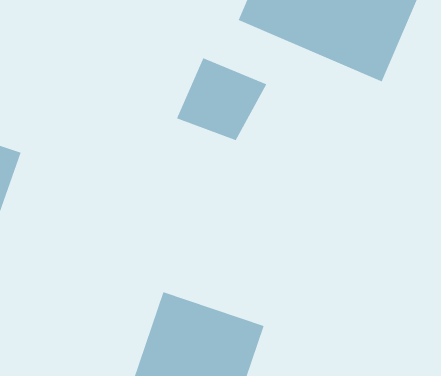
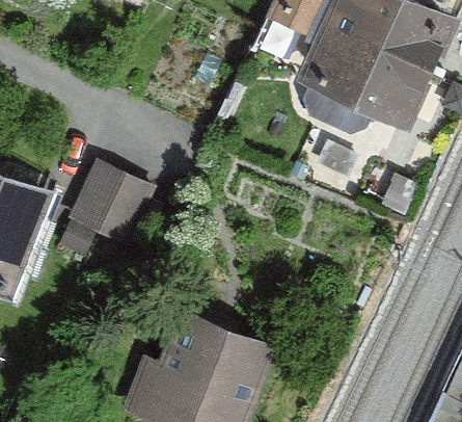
building: [176,57,267,141] -> [82,152,170,233]

